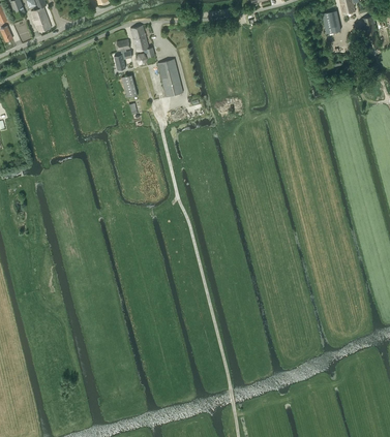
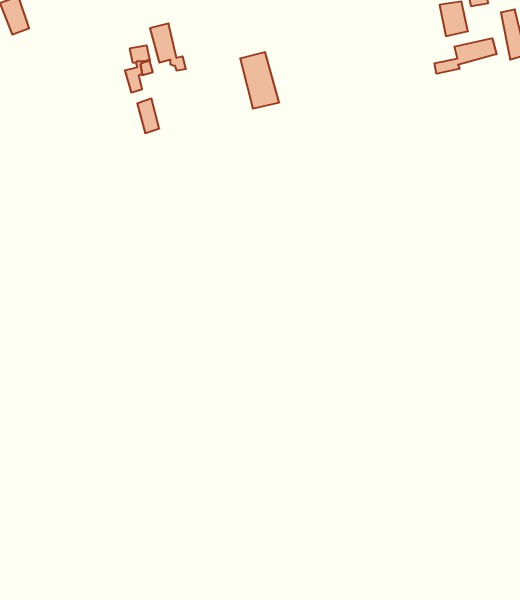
building: none -> [435,38,497,74]
building: [157,59,183,96] -> [240,52,279,109]

